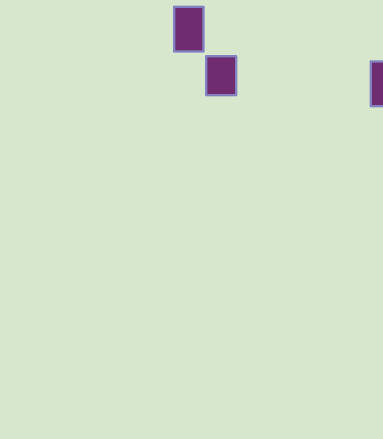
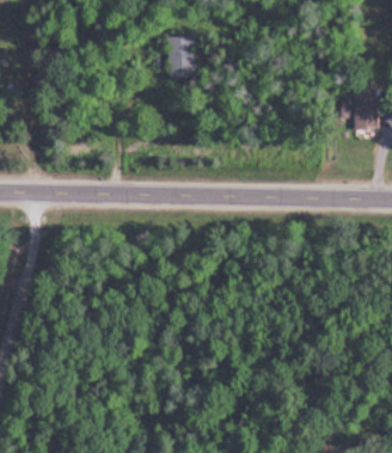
building: [206,56,236,95] -> none

